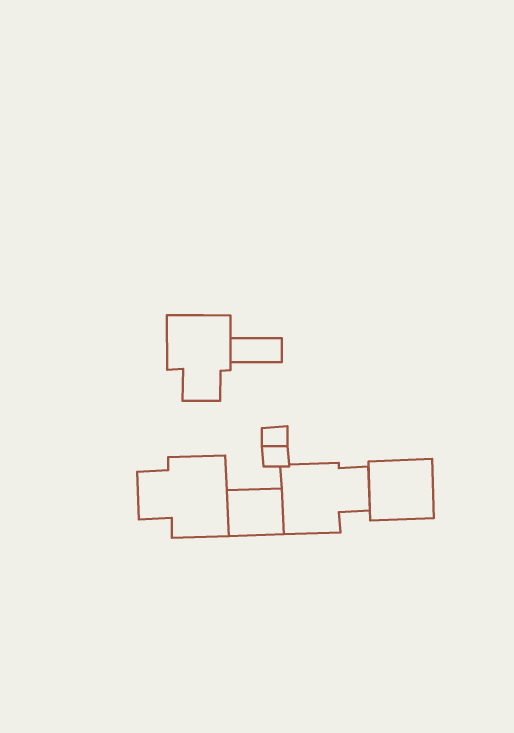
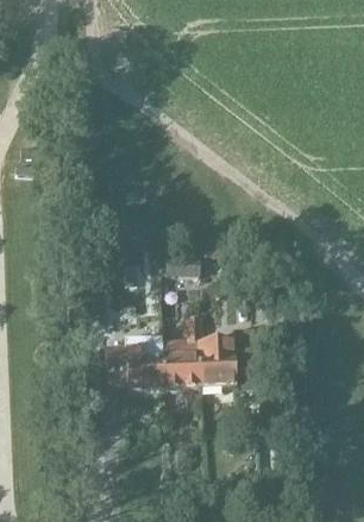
building: [167,315,231,401] -> none
building: [368,459,434,521] -> none

